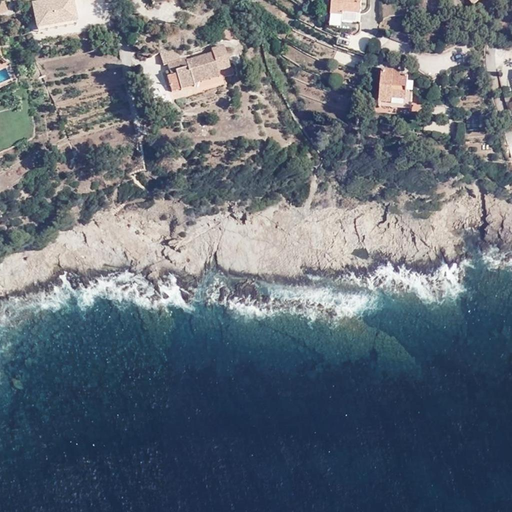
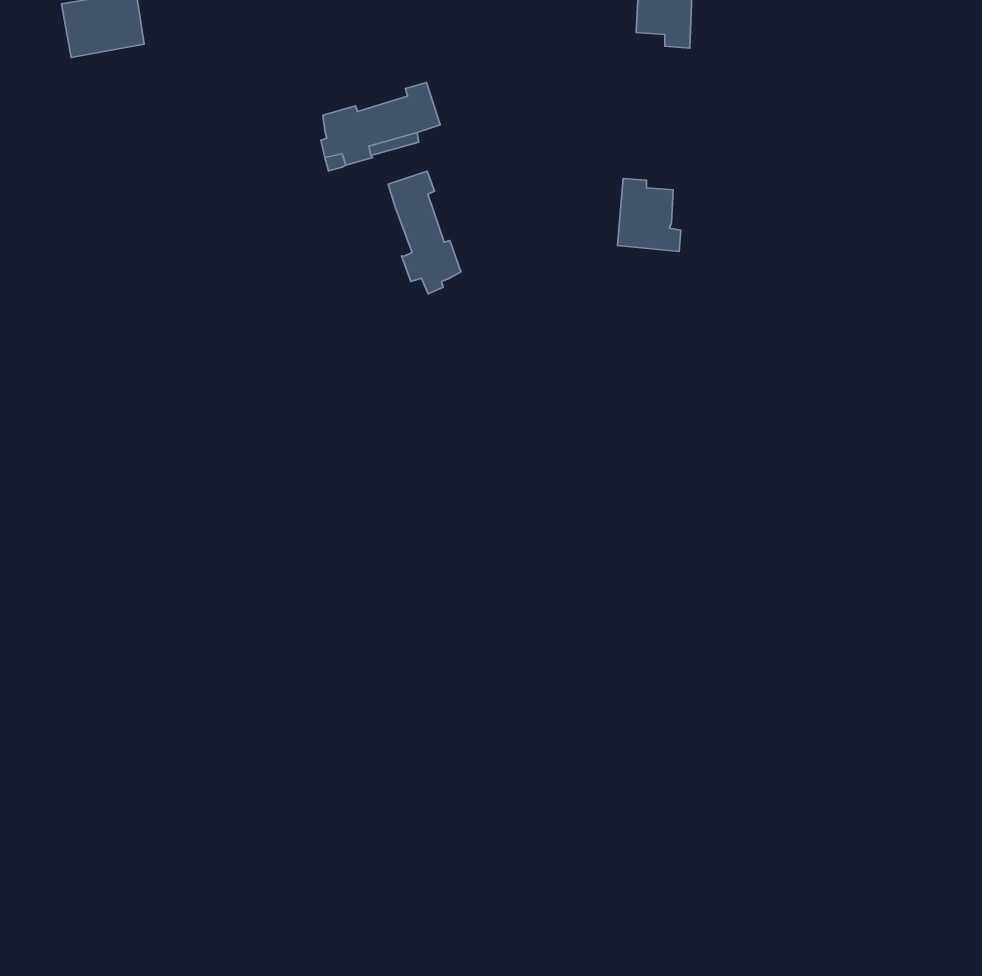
building: [379,65,412,103] -> [618,178,681,251]
building: none -> [388,171,461,294]

